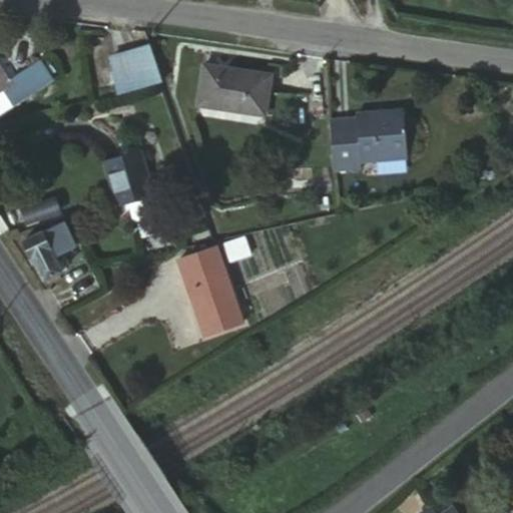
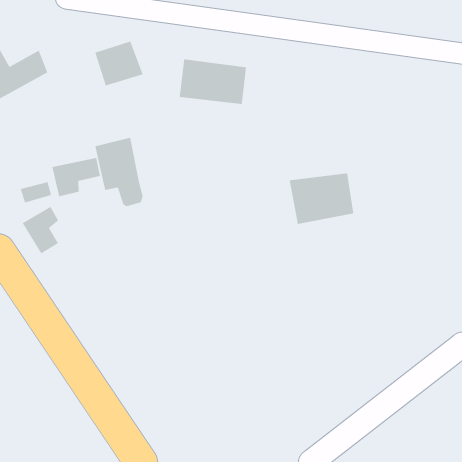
building: [334,109,406,166] -> [289,173,354,224]
building: none -> [52,157,101,197]
building: [178,245,243,340] -> none

